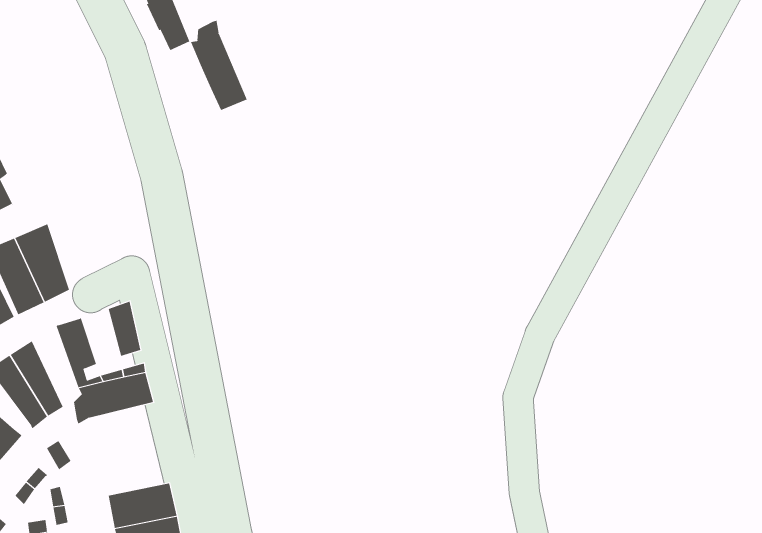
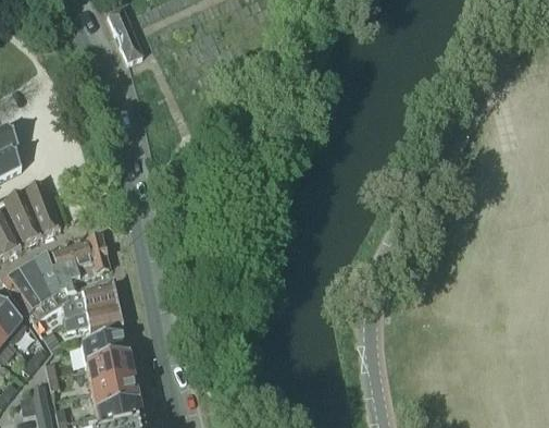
building: [190,20,248,111] -> none
building: none -> [67,239,95,277]
building: none -> [34,250,67,306]
building: none -> [64,303,123,334]
building: none -> [80,333,128,367]

